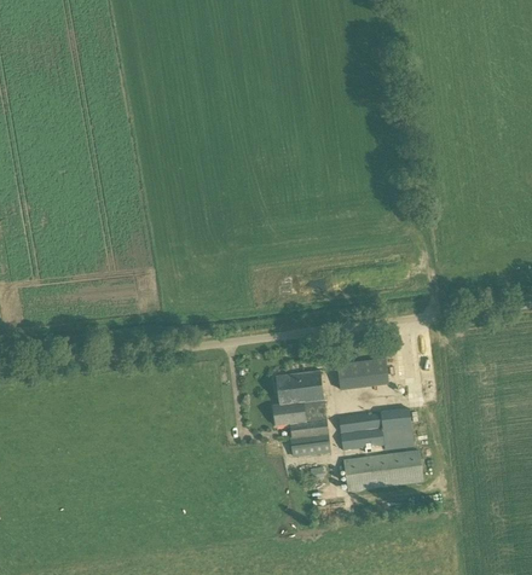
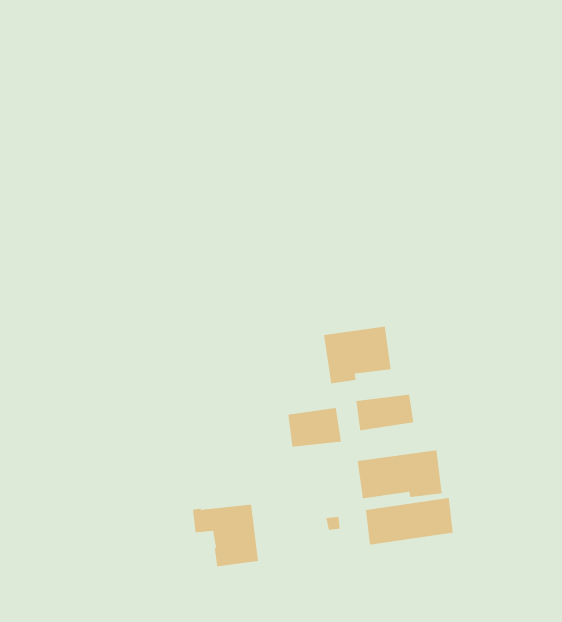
building: none -> [324,326,391,384]
building: [271,400,330,455] -> [192,504,259,567]

